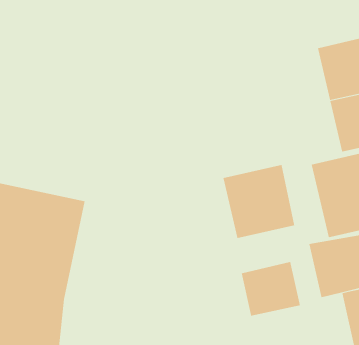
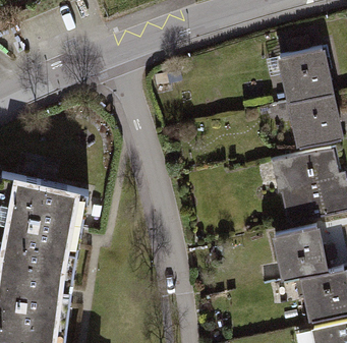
building: [223,164,295,239] -> none
building: [241,261,301,317] -> none

